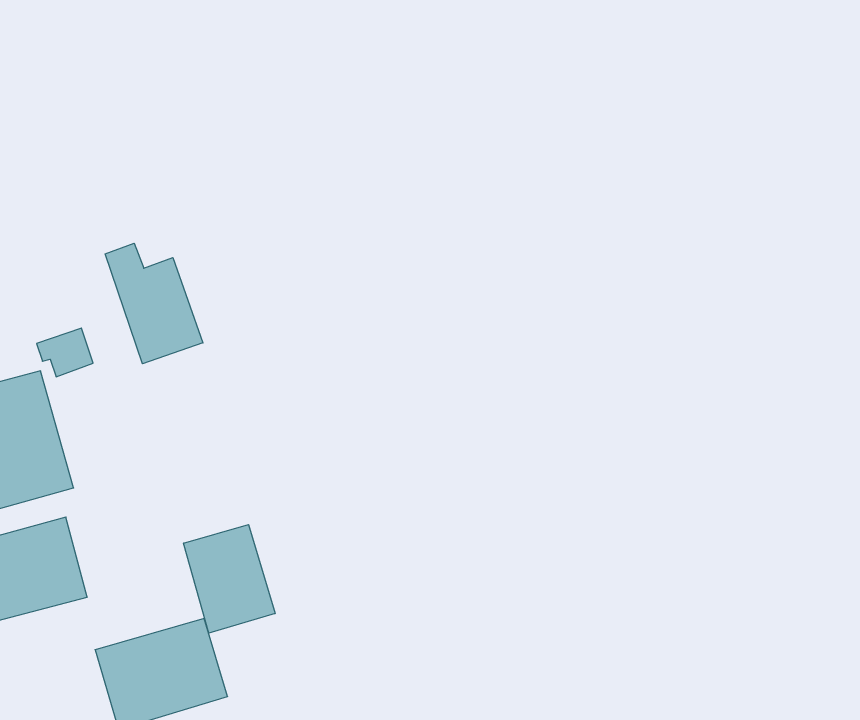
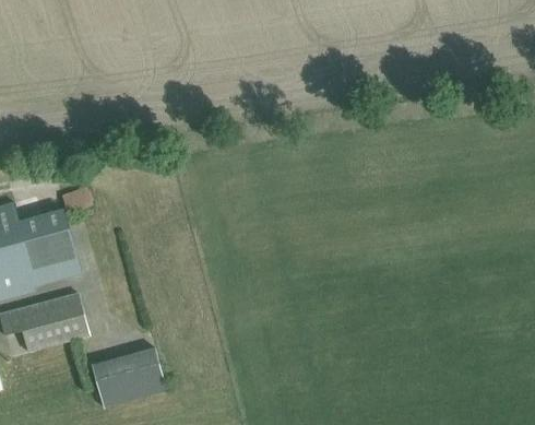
building: [105,243,203,364] -> none
building: [184,525,275,633] -> none

